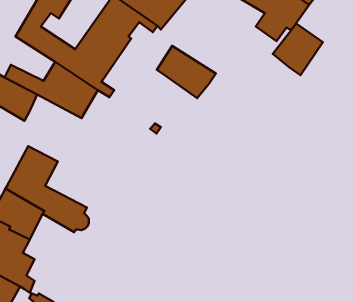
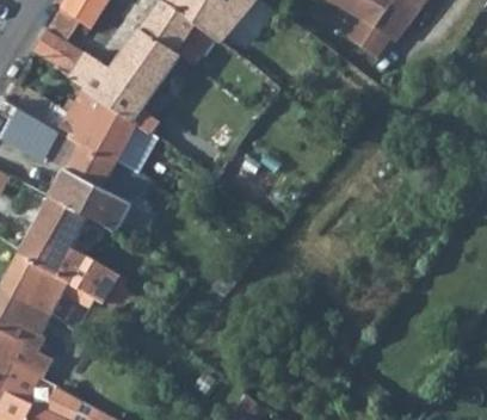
building: [273,23,323,75] -> none
building: [157,46,216,98] -> none
building: none -> [48,128,152,230]

